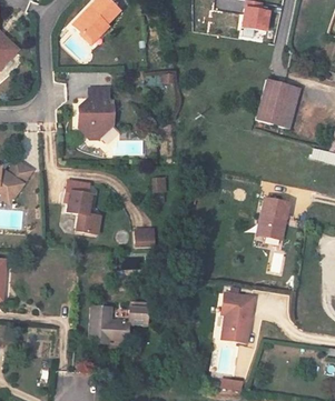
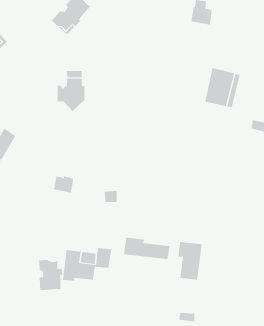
building: [65,179,90,215] -> none
building: [258,196,289,237] -> none
building: none -> [124,237,170,260]
building: none -> [39,259,63,291]

